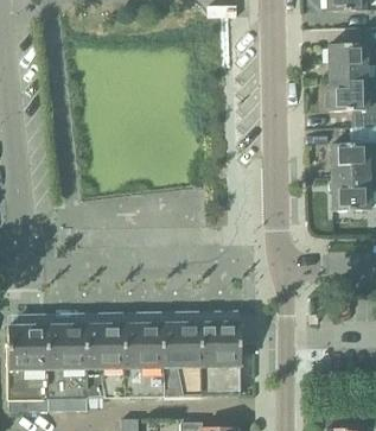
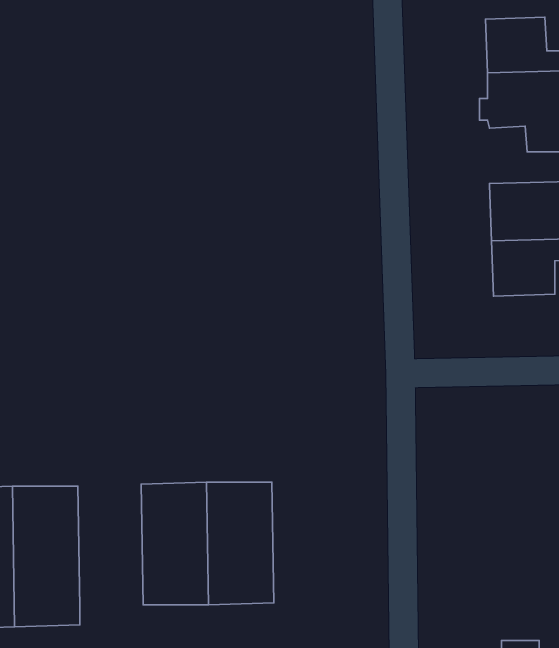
building: [202,322,241,395] -> none
building: [85,324,125,398] -> none

